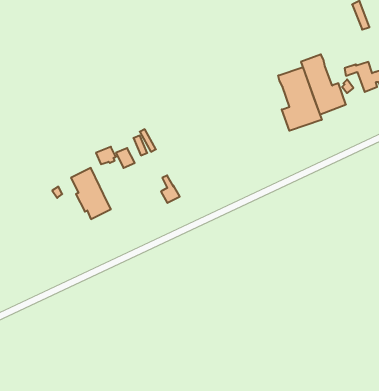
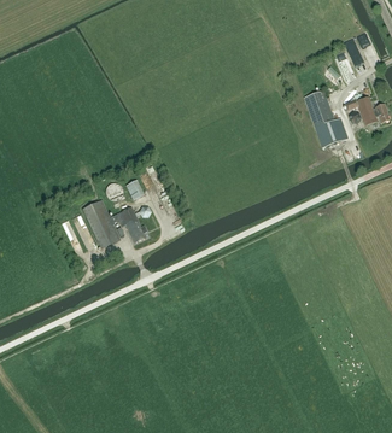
building: [278,67,322,131] -> none
building: none -> [110,206,147,242]

